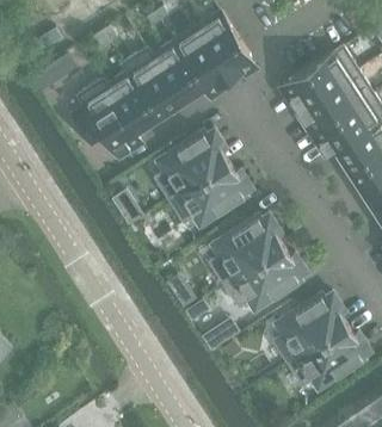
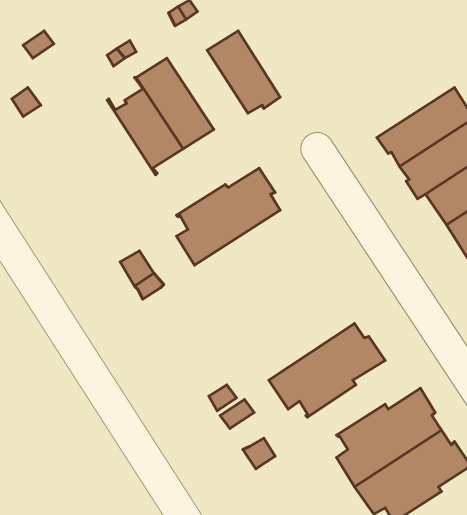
building: [198,14,252,79] -> none
building: [146,44,205,103] -> none
building: [288,48,358,109] -> none
building: [73,81,137,153] -> none
building: [166,162,252,230] -> none
building: [208,215,284,287] -> none

